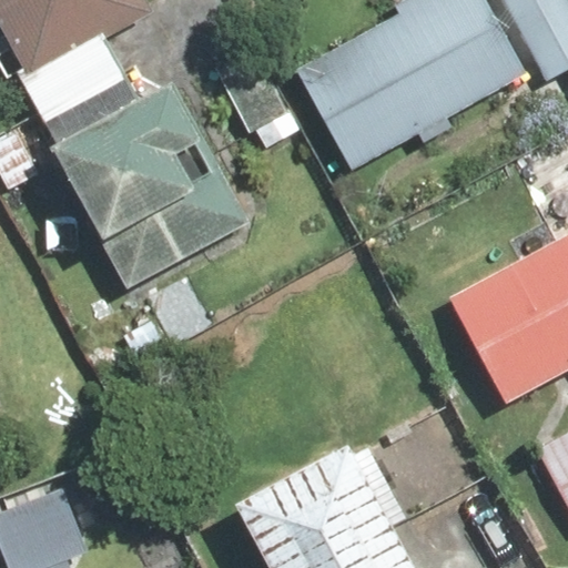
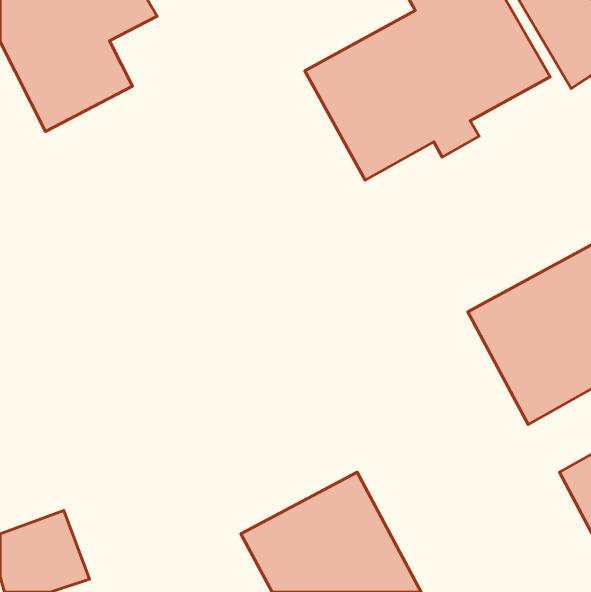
building: [48,79,247,288] -> none

